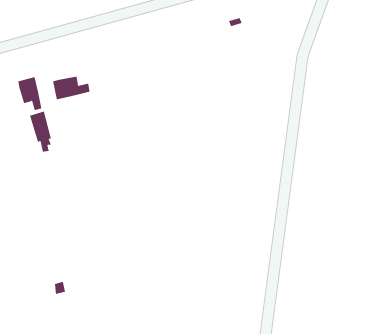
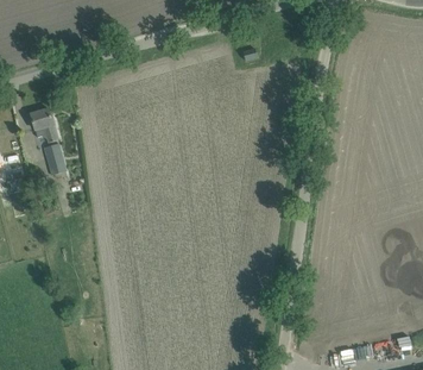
building: [53,76,90,100] -> none

